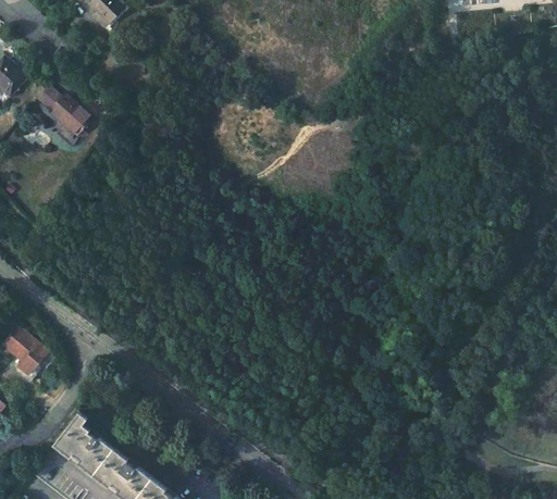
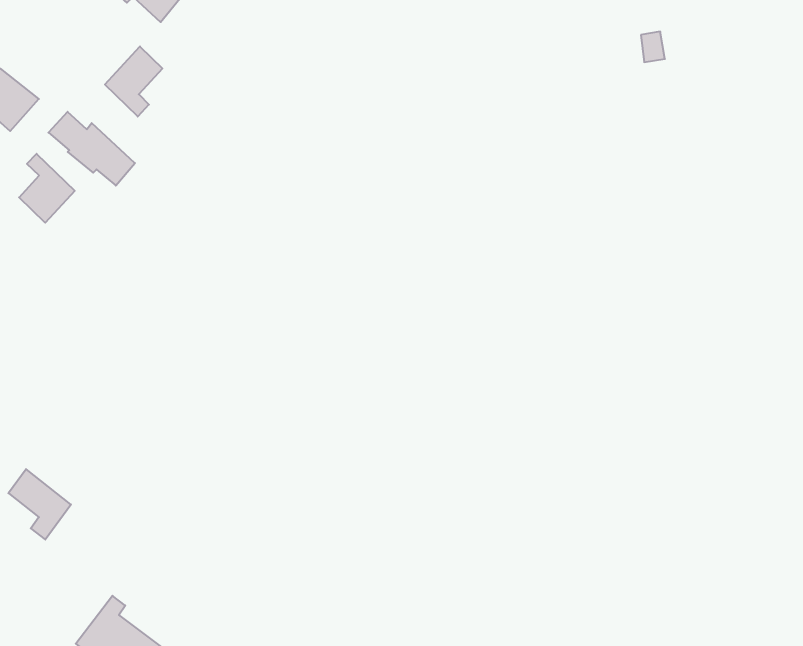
building: none -> [105,46,162,117]
building: none -> [19,154,75,223]

